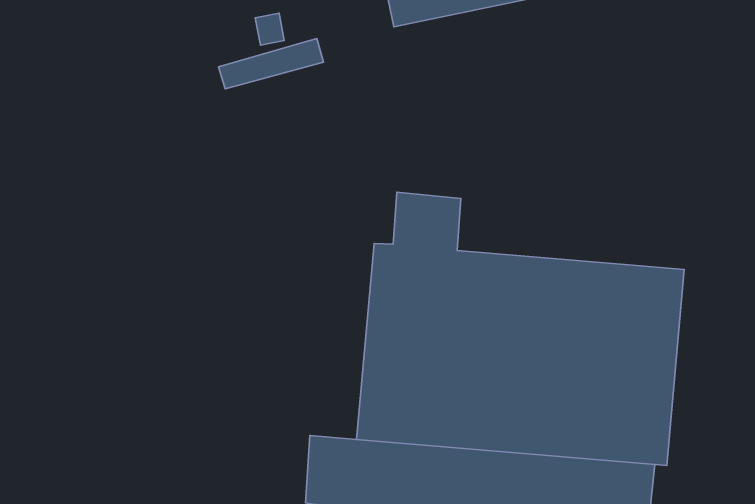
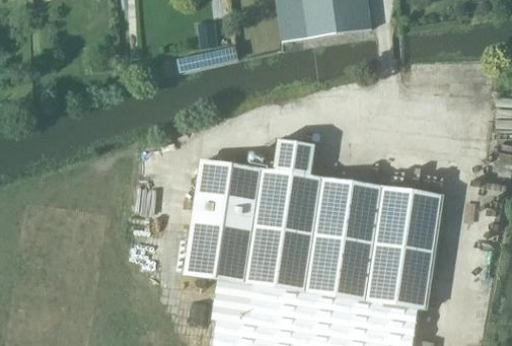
building: none -> [184,159,262,283]

